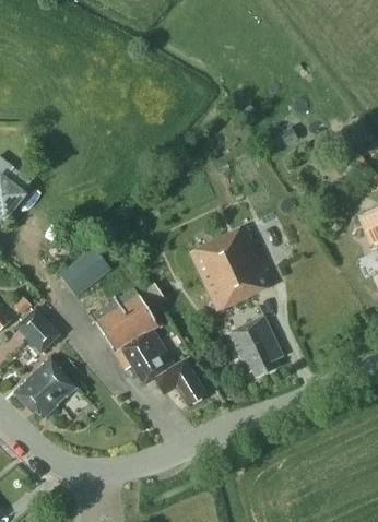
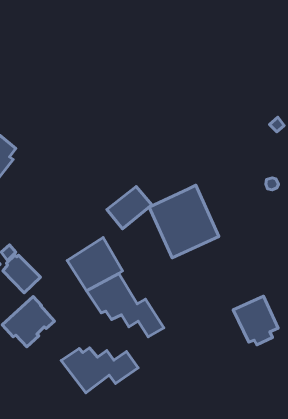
building: [58,247,111,297] -> [107,186,152,229]
building: [228,317,282,375] -> [233,296,278,345]
building: none -> [61,348,138,393]

